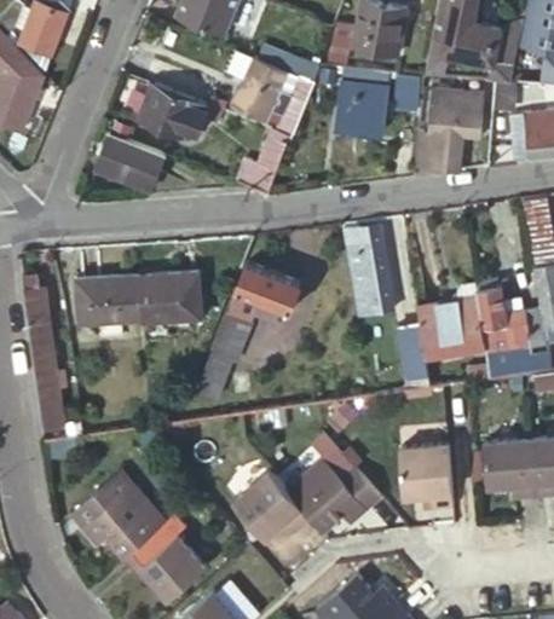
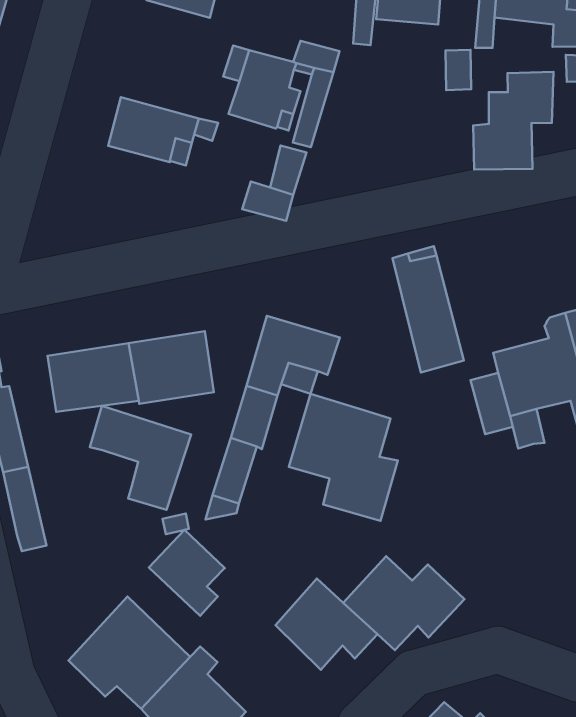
building: [339,81,388,134] -> none
building: [96,138,165,191] -> none
building: none -> [90,406,191,510]
building: none -> [289,394,398,521]
building: none -> [149,530,225,616]
building: [398,442,451,507] -> none

